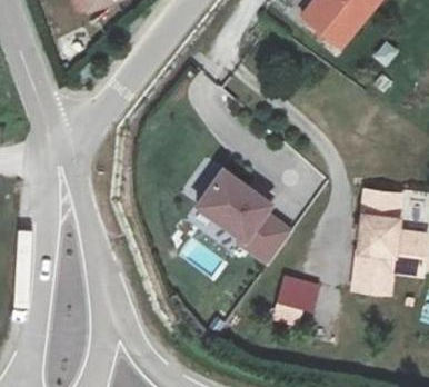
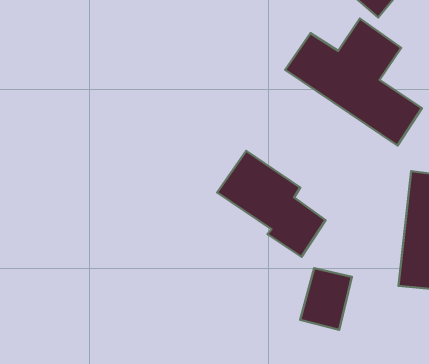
building: none -> [285,19,422,146]

